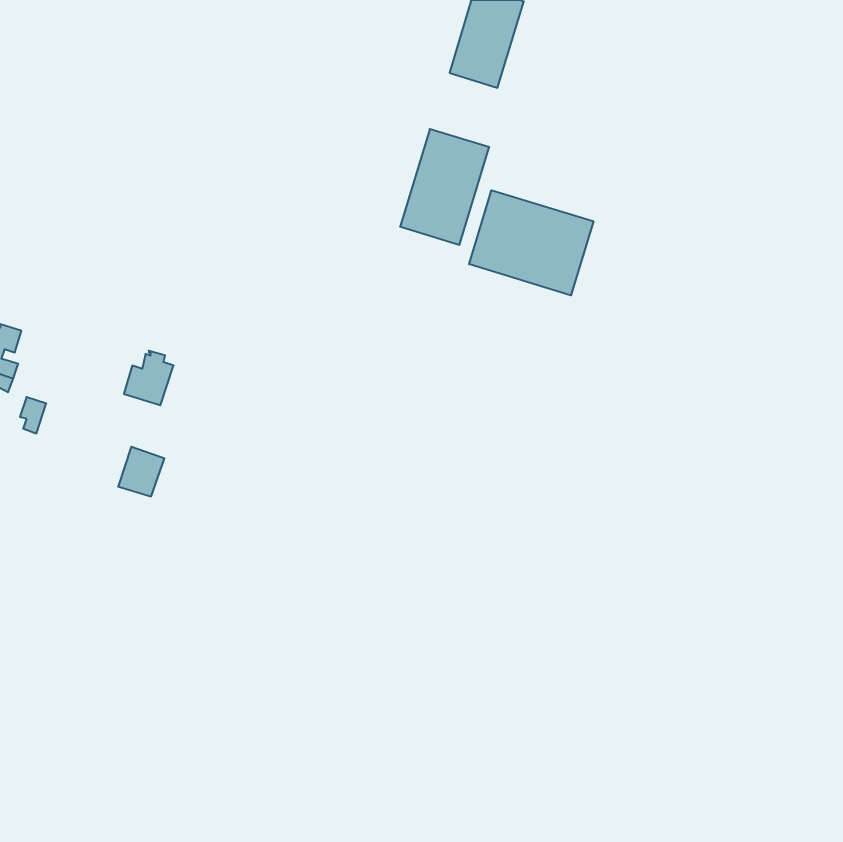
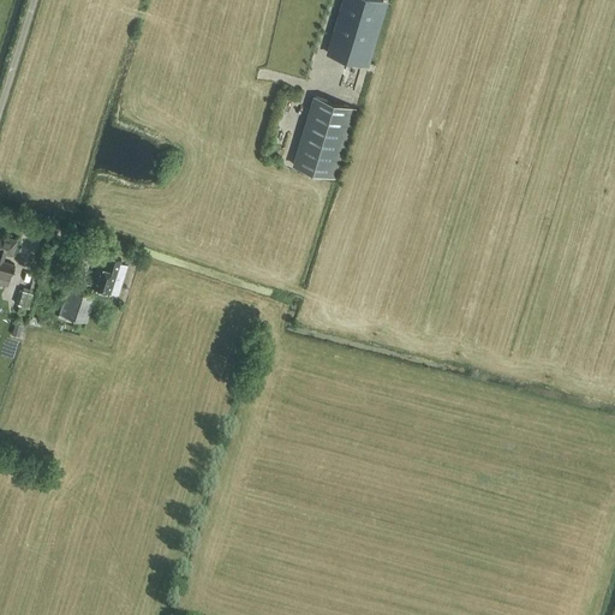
building: [469,190,593,295] -> none
building: [118,447,164,496] -> [60,288,94,324]

